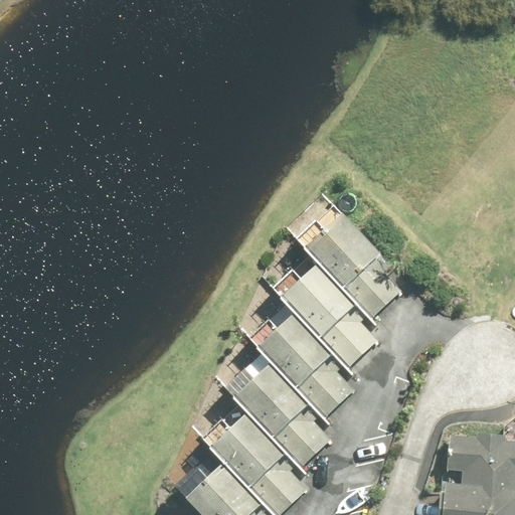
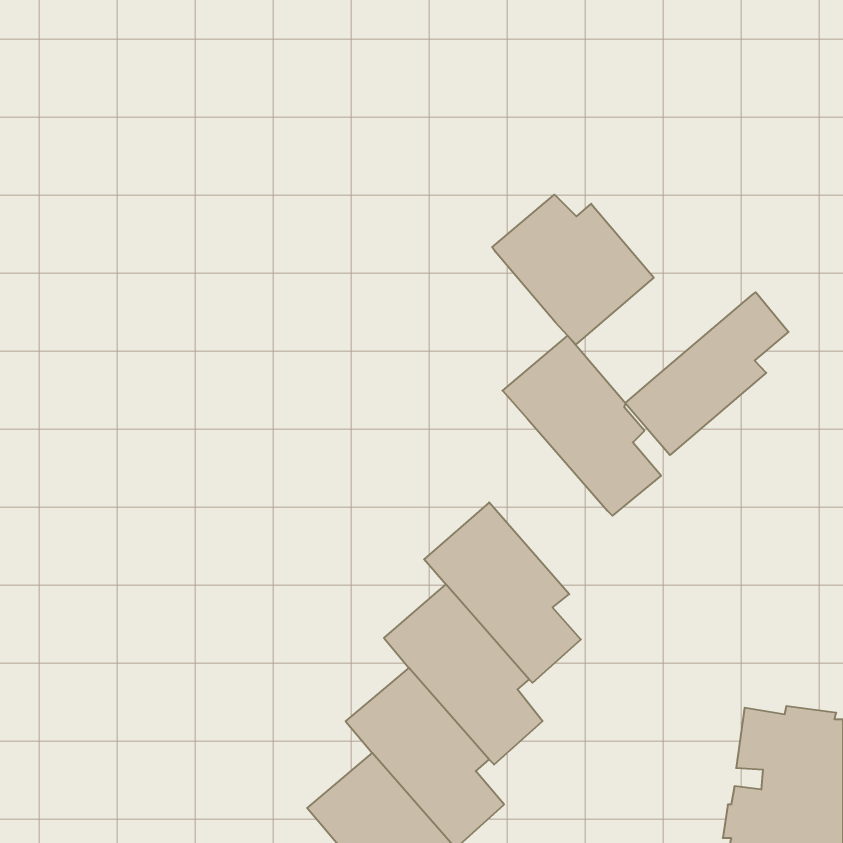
building: none -> [492,195,654,345]
building: none -> [625,292,789,455]
building: [281,259,375,367] -> none

